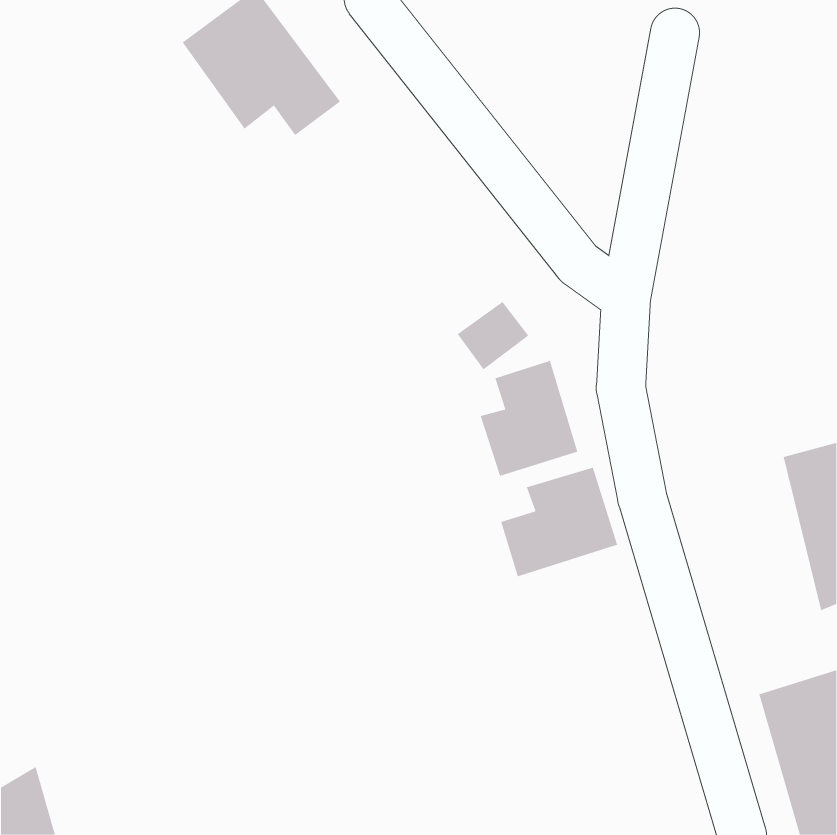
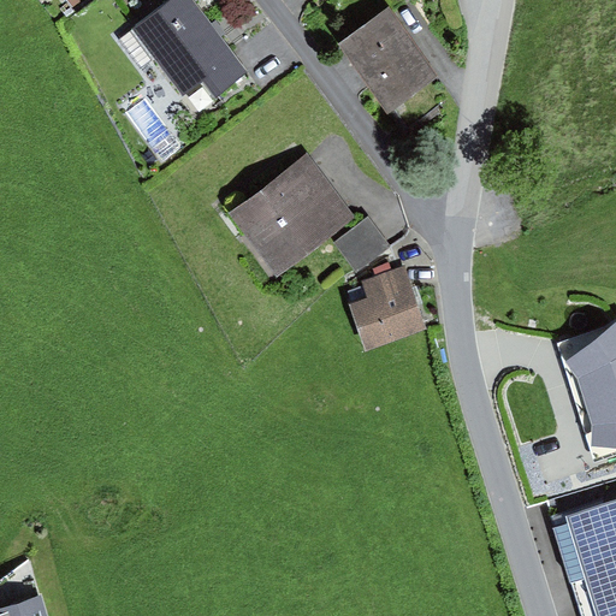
building: none -> [343,12,436,112]
building: none -> [227,156,353,276]
building: [501,467,618,577] -> none

